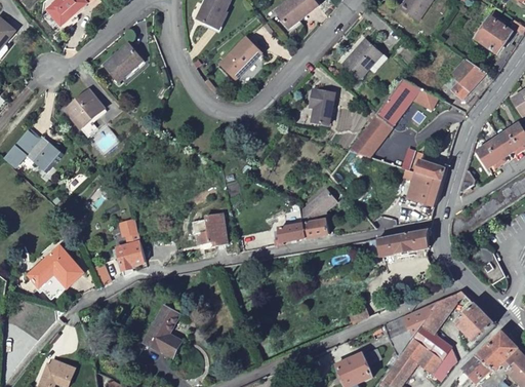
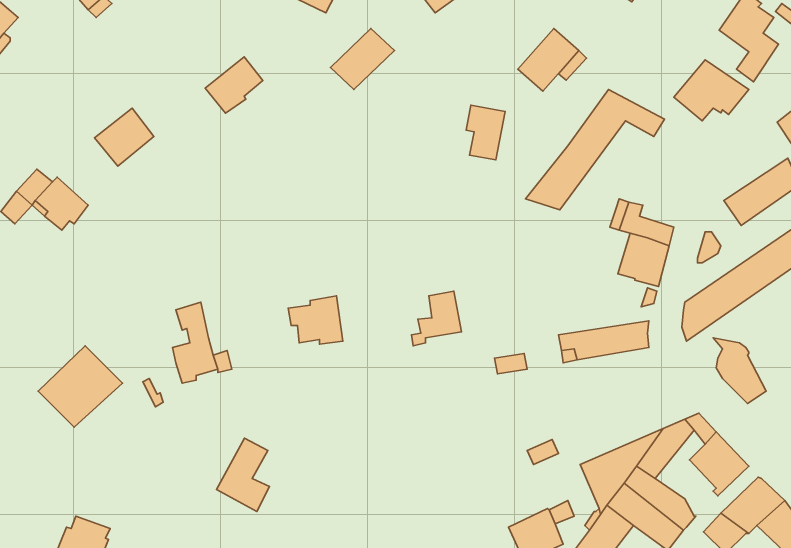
building: [104,44,142,81] -> [205,57,263,113]
building: [300,189,336,237] -> none

